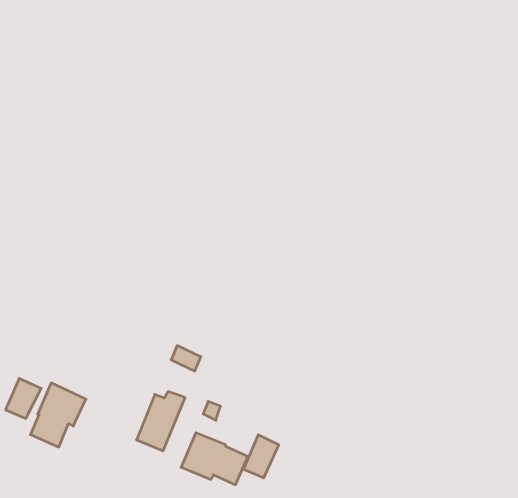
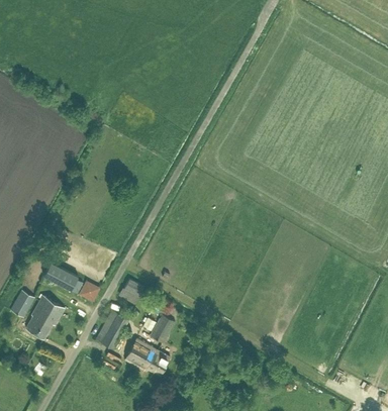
building: none -> [43,263,83,295]
building: [243,435,279,478] -> [150,315,175,344]

